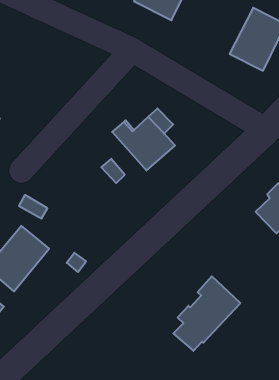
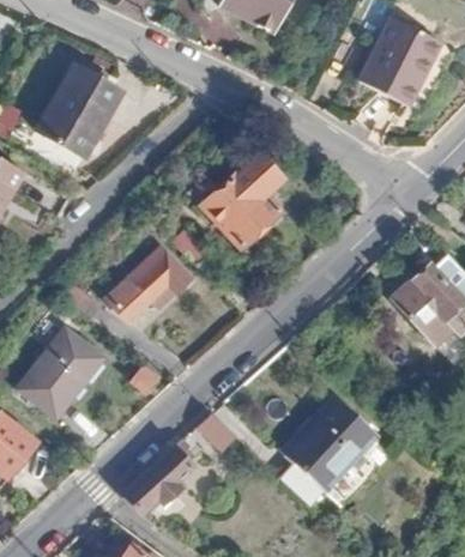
building: none -> [40,63,123,156]
building: none -> [110,254,191,320]
building: none -> [126,414,236,517]

